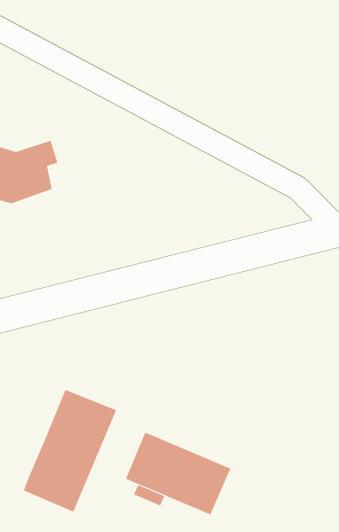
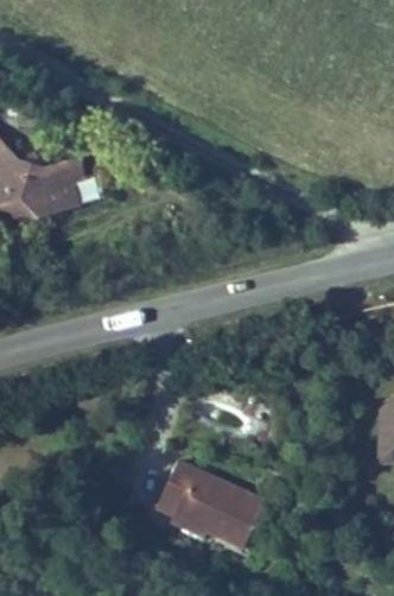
building: [23,389,117,513] -> none

